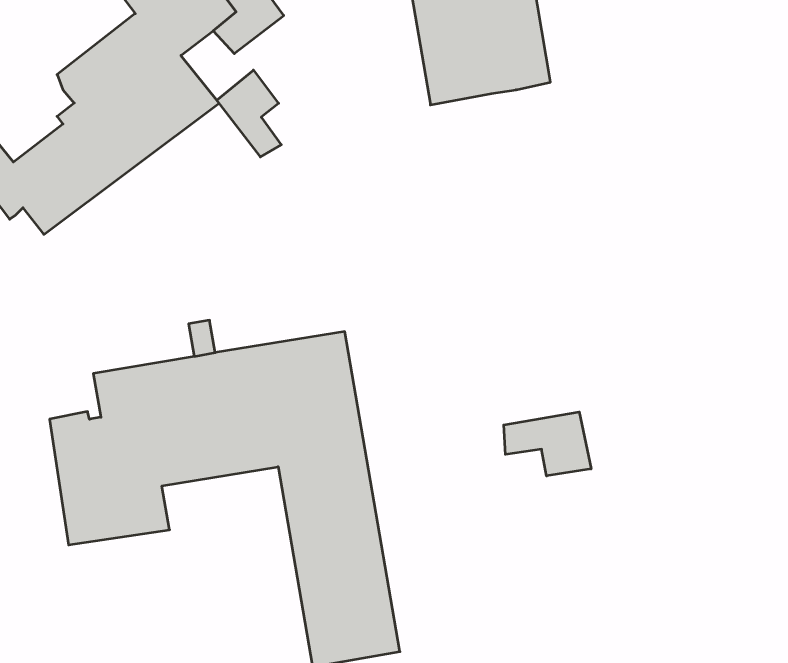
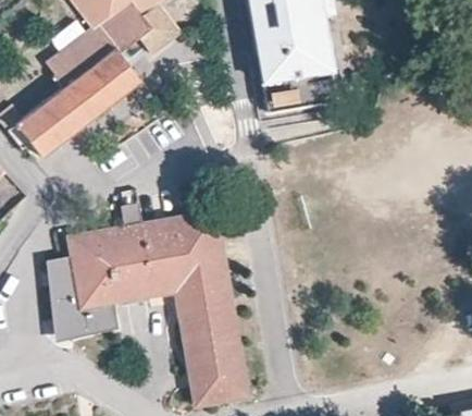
building: [217,70,281,157] -> none
building: [504,412,591,476] -> none

